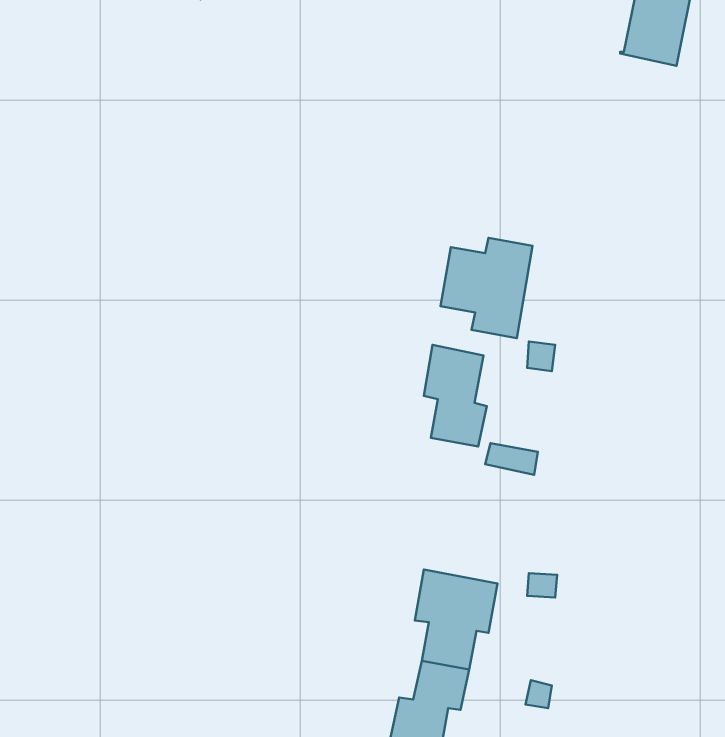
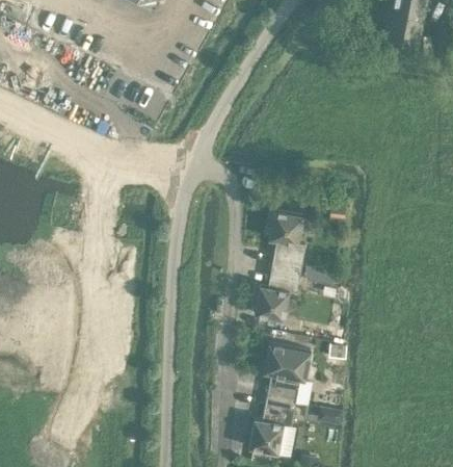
building: [440,238,532,338] -> none
building: none -> [255,262,301,318]

